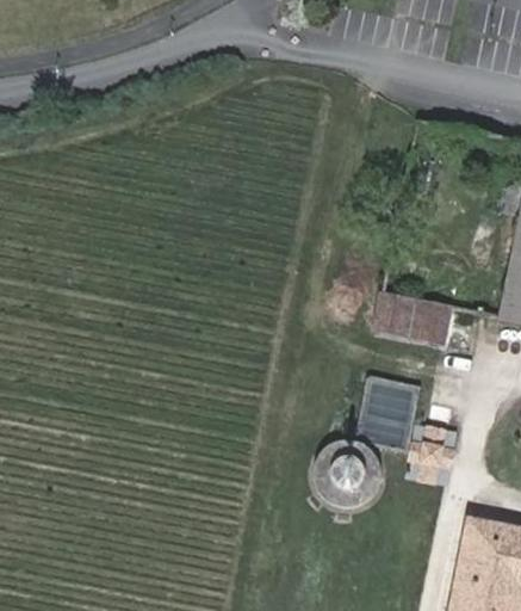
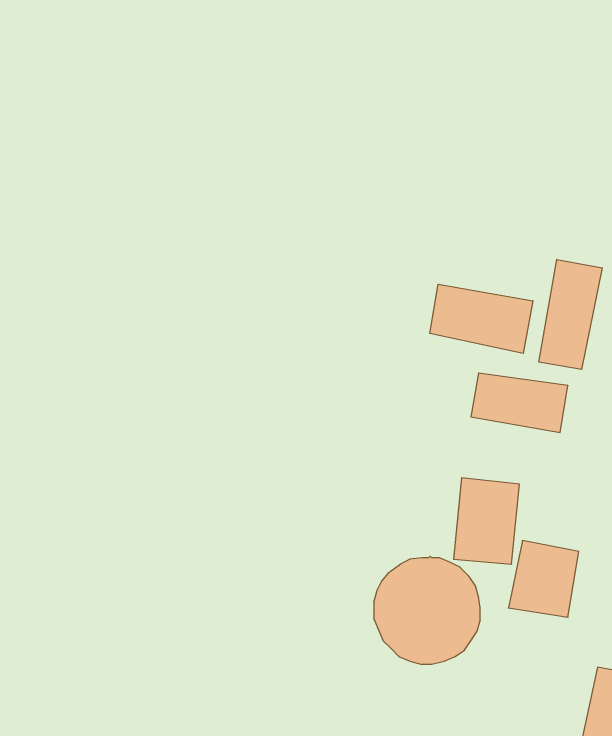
building: none -> [539,259,602,369]
building: none -> [430,284,533,353]

